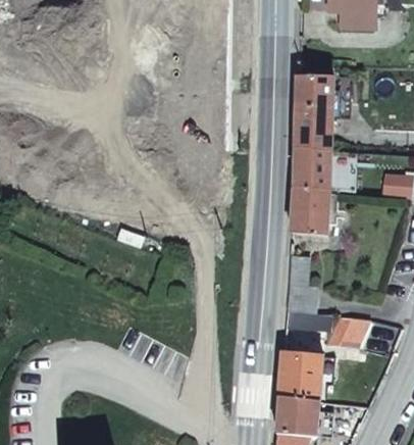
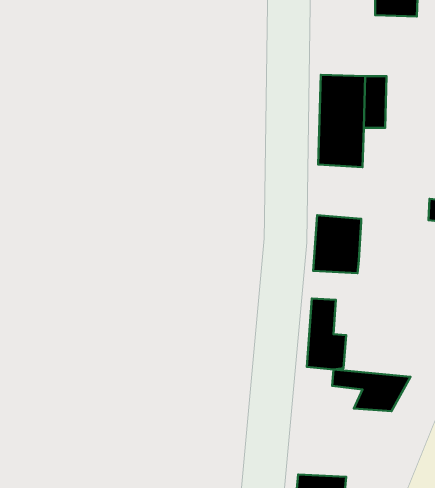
building: [293,148,329,192] -> none
building: [277,353,332,400] -> none

